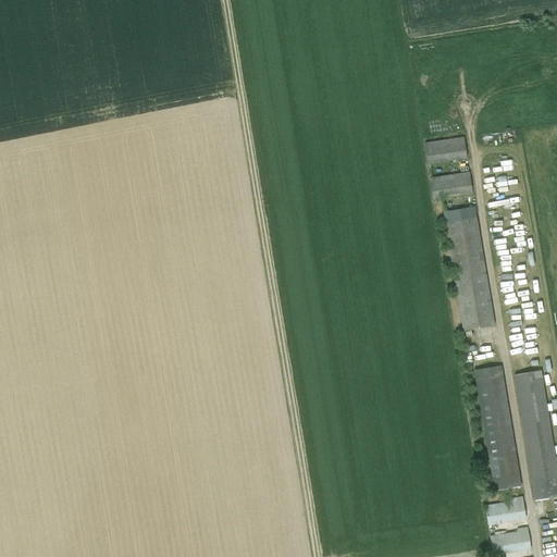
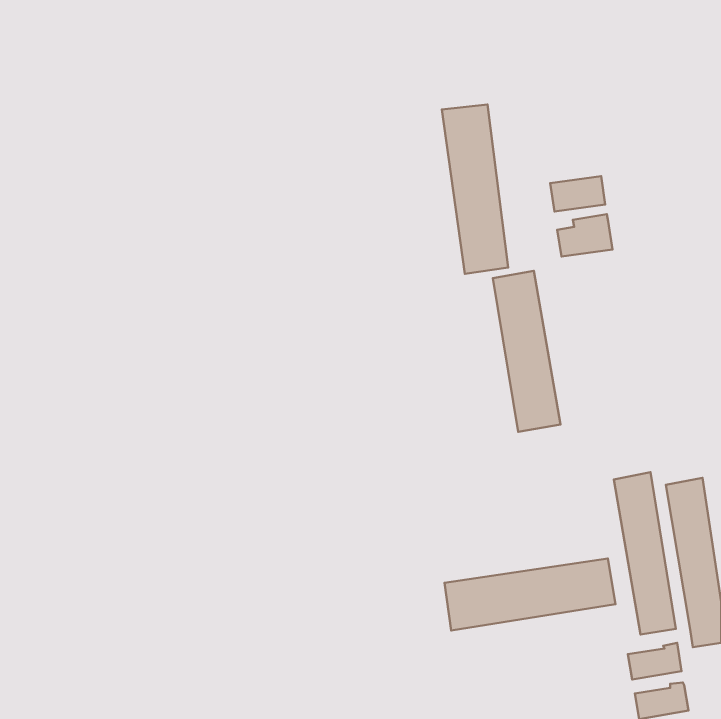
building: none -> [442,104,508,274]
building: [443,206,495,330] -> [493,271,561,432]
building: none -> [444,558,615,631]

